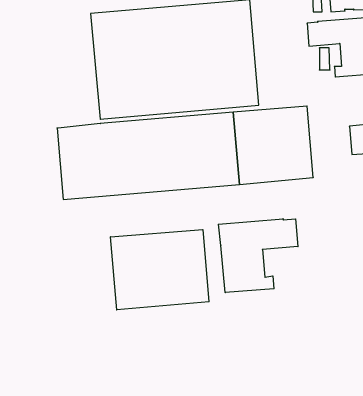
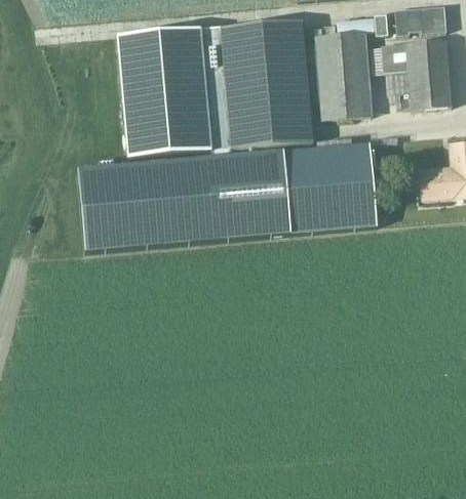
building: none -> [315,32,373,119]
building: [218,219,298,293] -> none
building: [111,230,209,310] -> none

